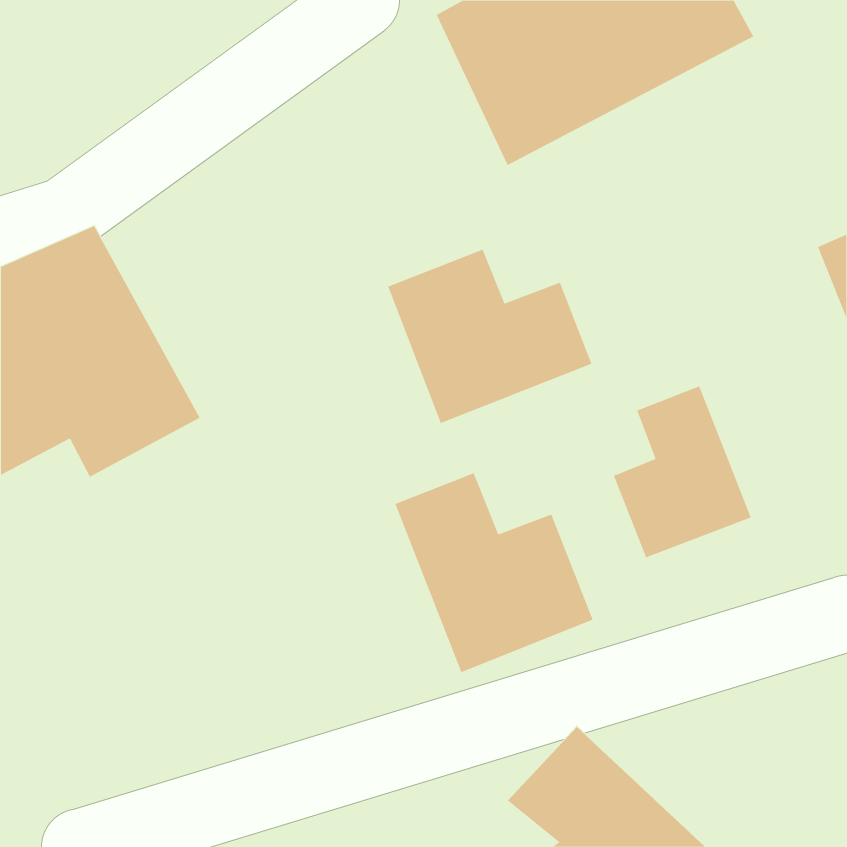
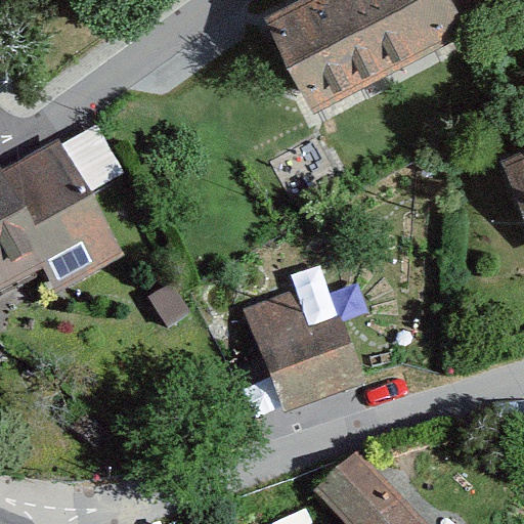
building: [388,249,592,424] -> none
building: [613,386,751,558] -> none

